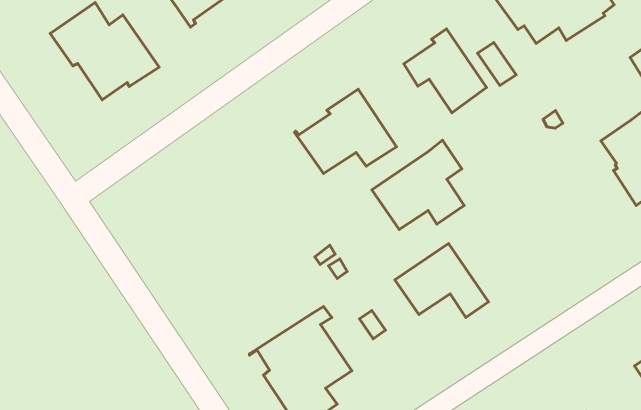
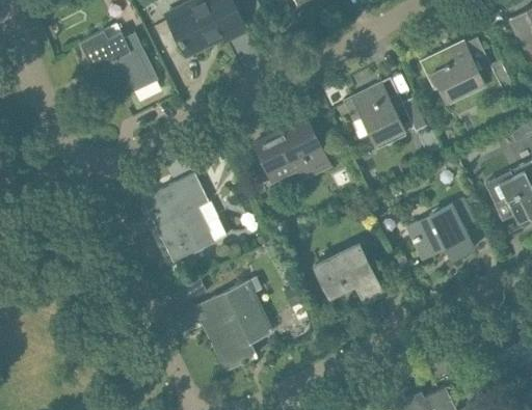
building: [372,140,464,230] -> [405,196,476,259]
building: none -> [142,172,227,262]

